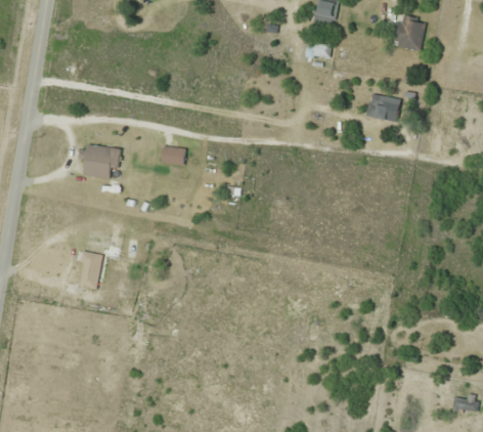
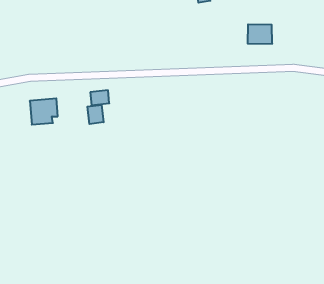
building: none -> [87,105,104,124]
building: [79,252,101,289] -> none

